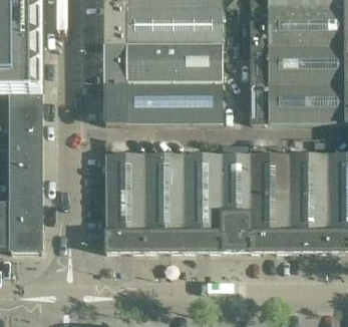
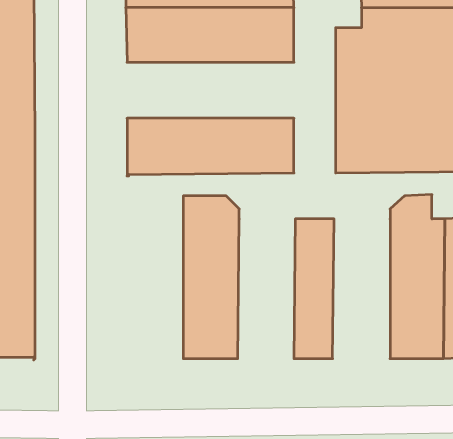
building: [105,44,222,83] -> none
building: [249,146,289,251] -> none
building: [105,153,144,251] -> none
building: [183,153,223,251] -> none

